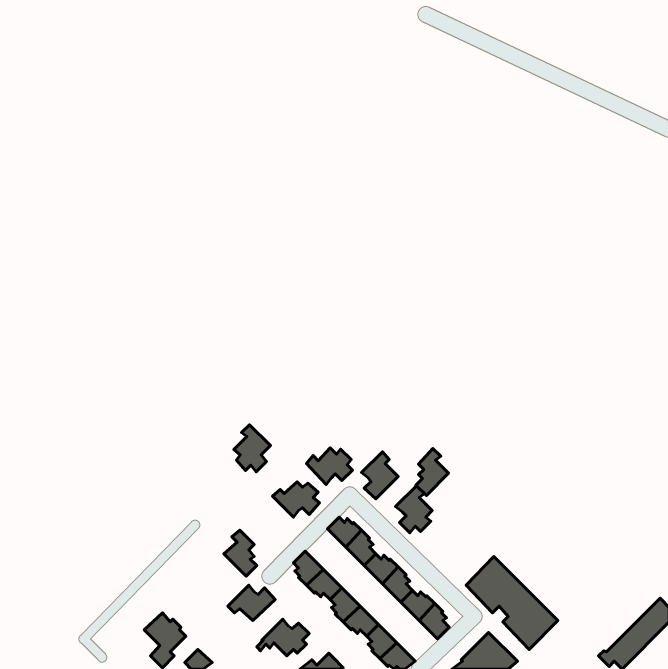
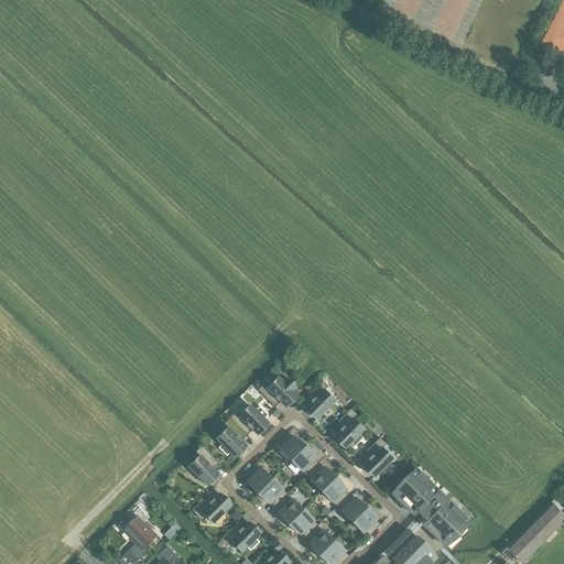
building: [234,425,270,472] -> [217,417,248,457]
building: [416,448,449,496] -> [366,437,393,477]

